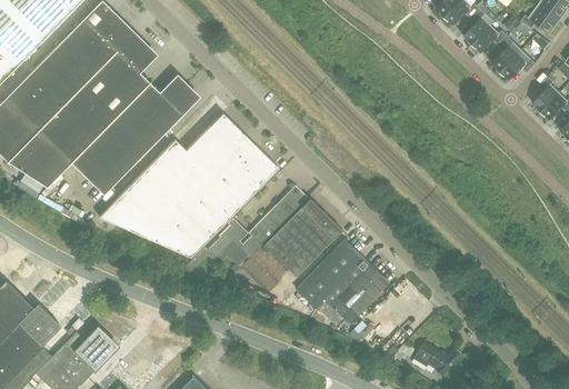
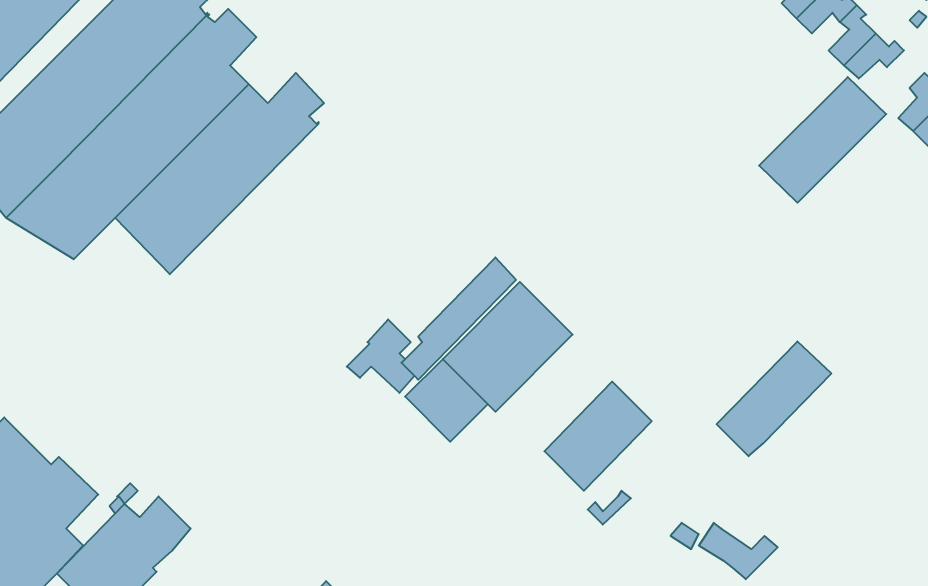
building: none -> [759,77,886,203]
building: [98,113,277,258] -> none
building: [296,240,363,308] -> [717,341,831,456]

